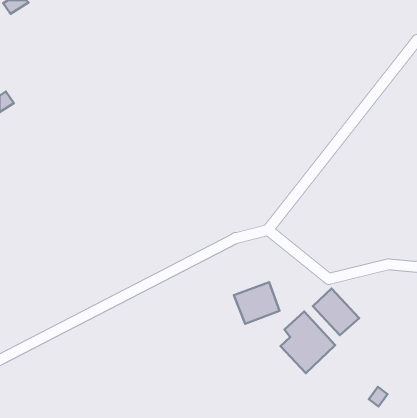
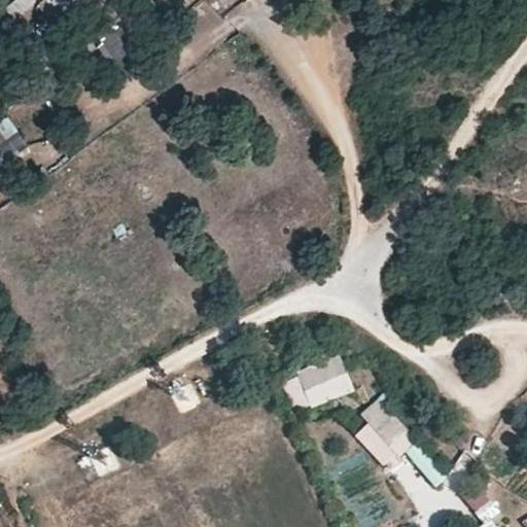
building: [313,289,359,335] -> none

